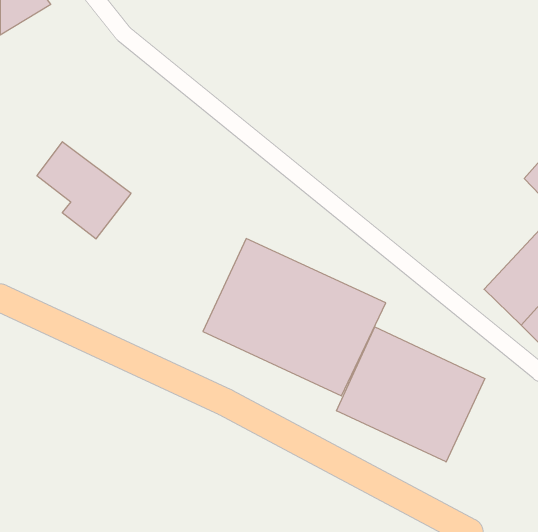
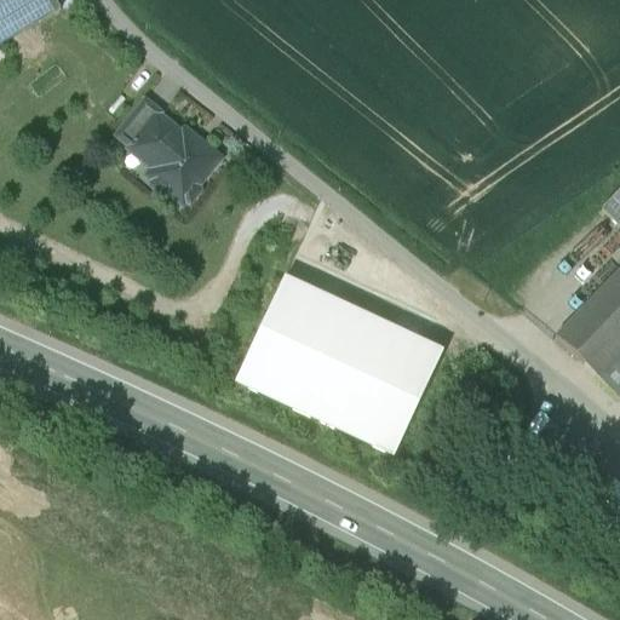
building: [37,142,131,239] -> [116,94,224,206]
building: [337,327,485,462] -> none

